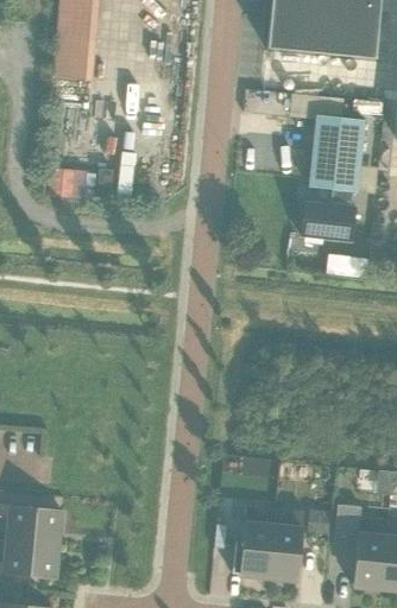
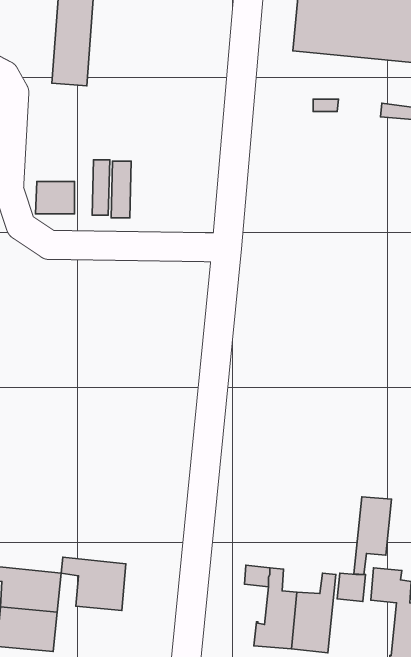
building: [301,115,365,242] -> none
building: none -> [354,497,391,575]
building: none -> [61,557,126,610]

